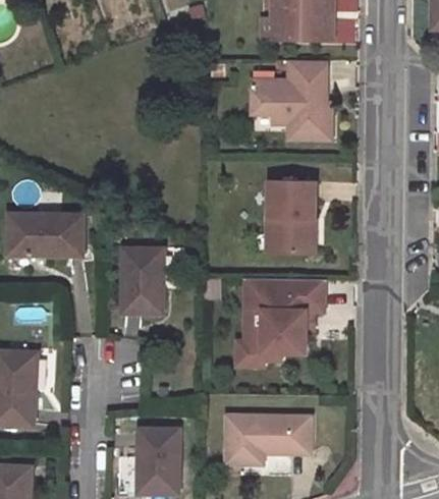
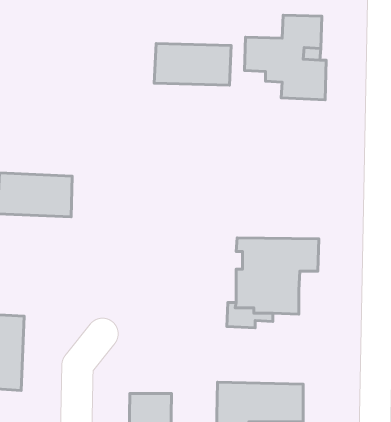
building: none -> [154,44,231,85]
building: [268,180,315,252] -> none
building: [123,250,164,314] -> none

